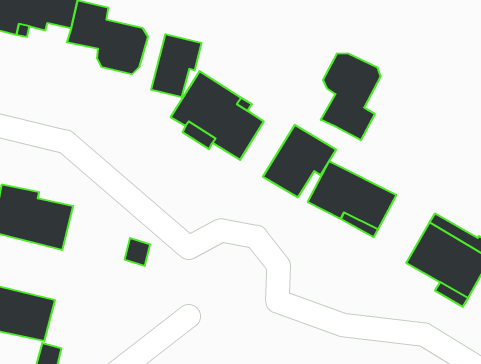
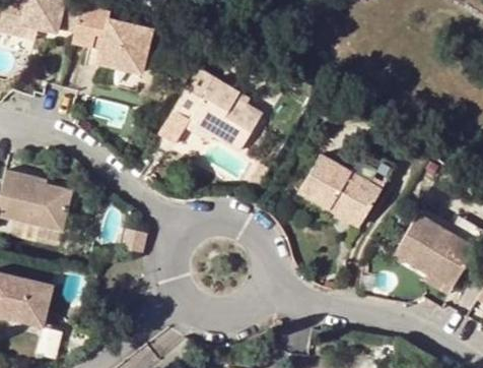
building: [151,34,202,97] -> none
building: [321,53,381,140] -> none
building: [263,125,336,197] -> none

